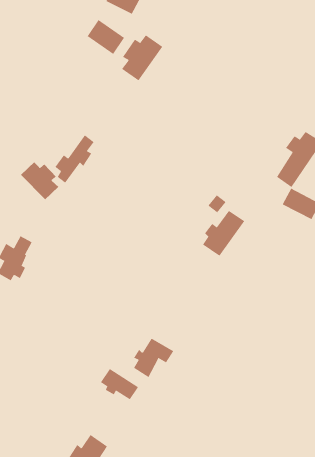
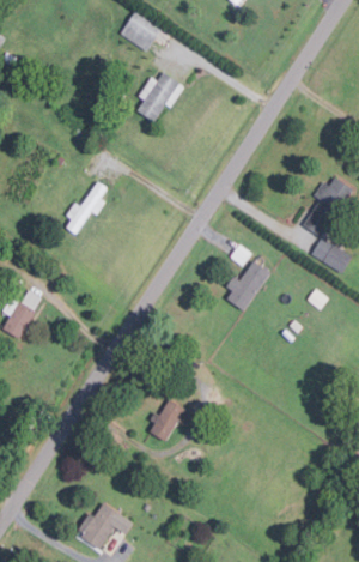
building: [87,19,125,55] -> none
building: [20,161,59,200] -> none
building: [100,368,139,400] -> none

